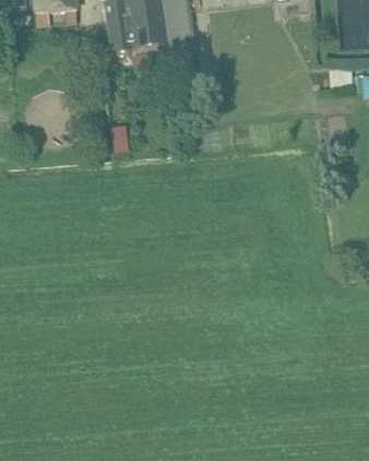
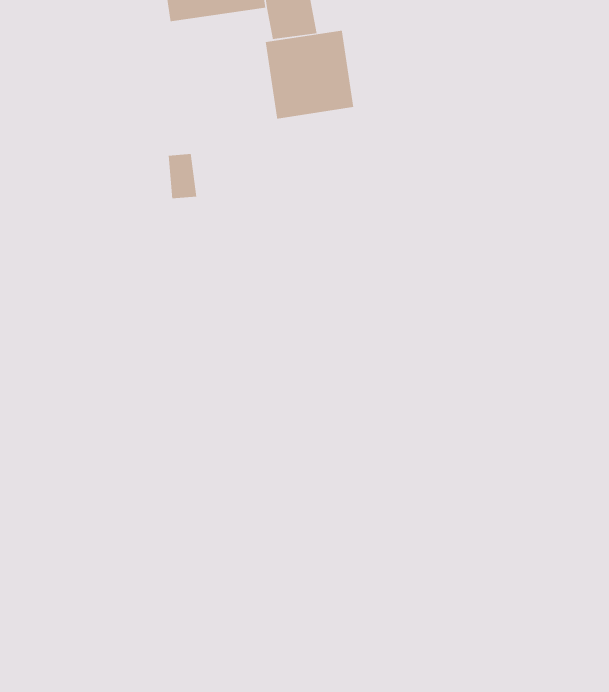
building: none -> [265,30,354,119]

